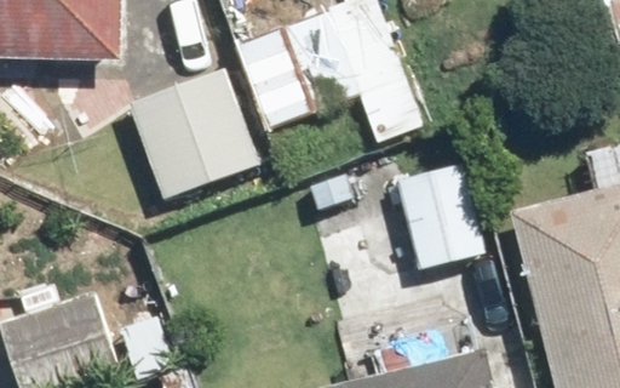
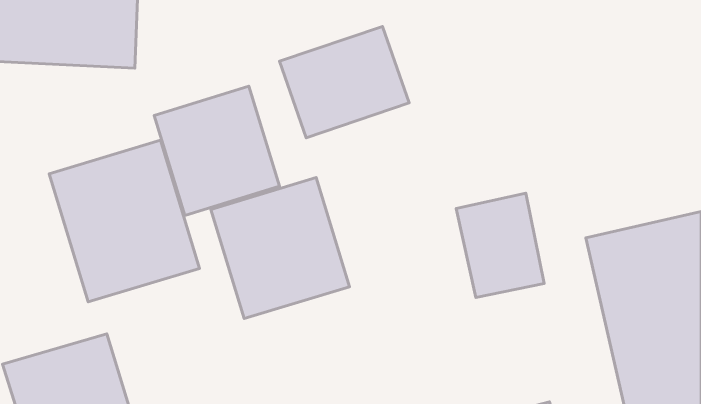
building: none -> [49,140,200,302]
building: none -> [211,178,349,319]

